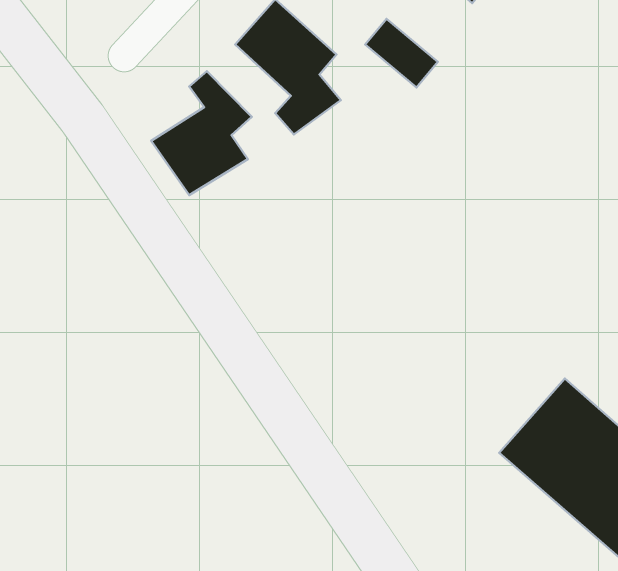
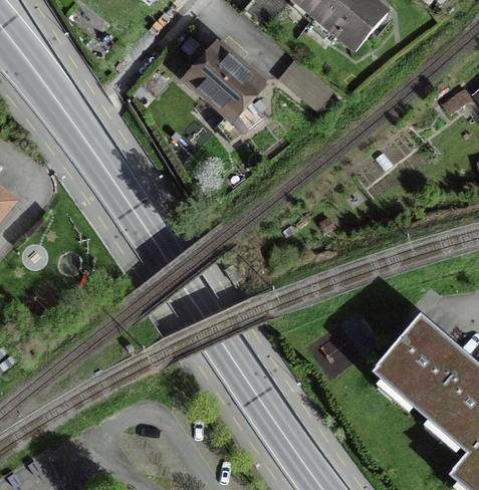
building: [151,71,252,195] -> none

